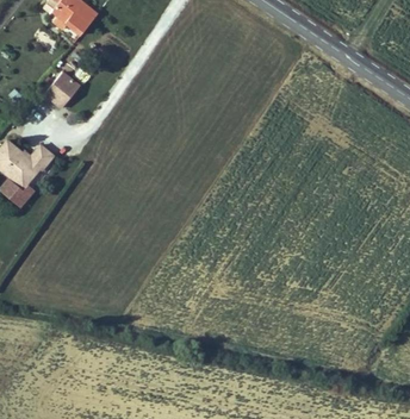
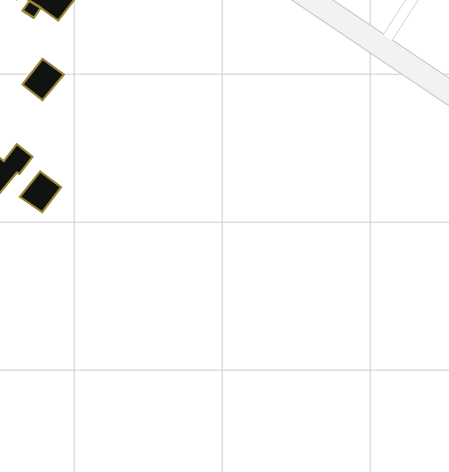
building: none -> [20,171,61,212]

